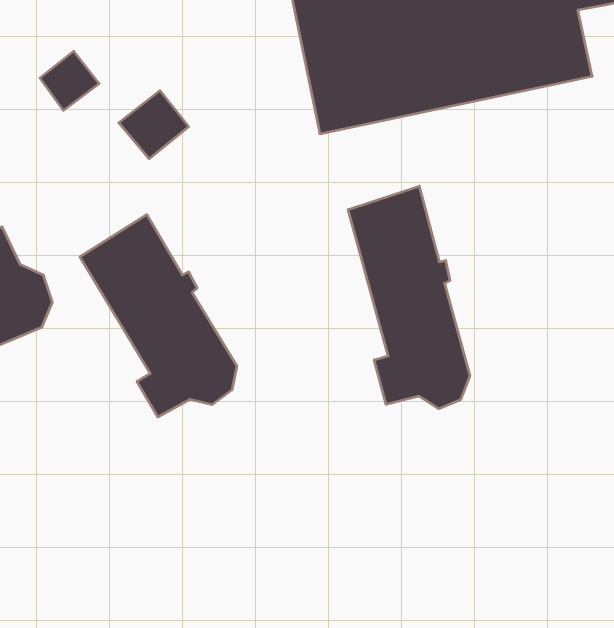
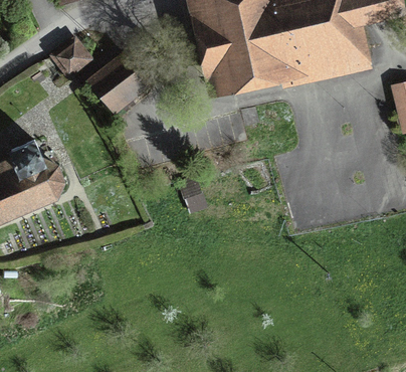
building: [348,186,470,409] -> none
building: [80,215,237,417] -> none

